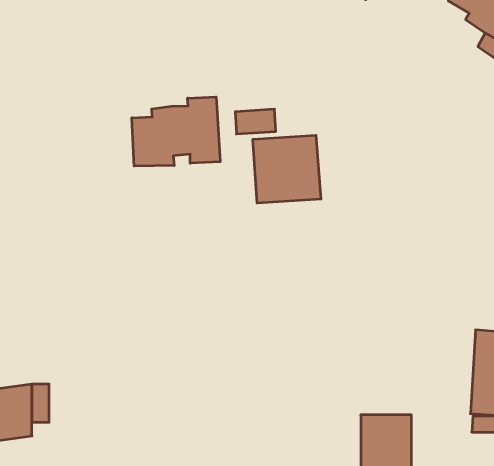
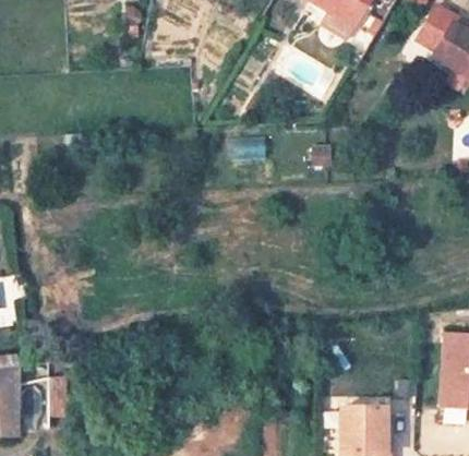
building: [132,97,220,166] -> none
building: [253,135,321,203] -> none

